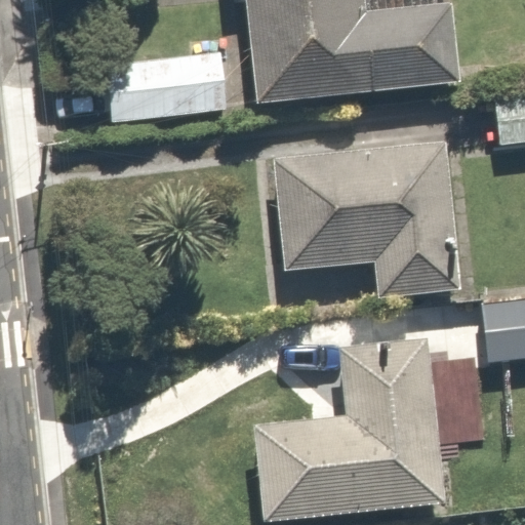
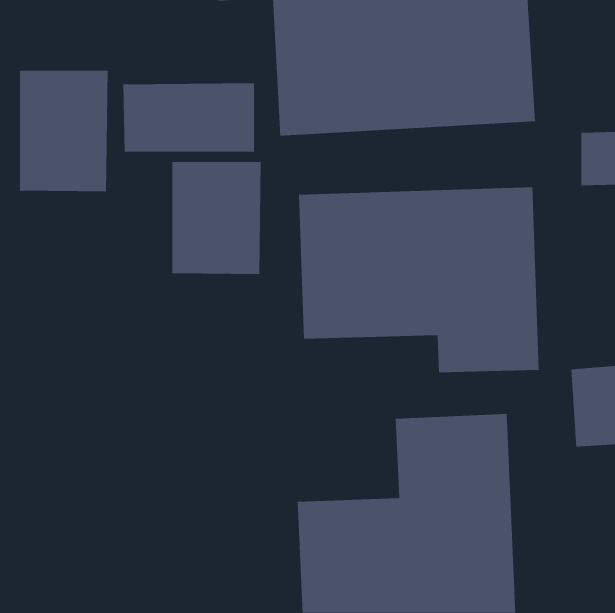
building: none -> [20,70,108,192]
building: none -> [172,161,261,275]

